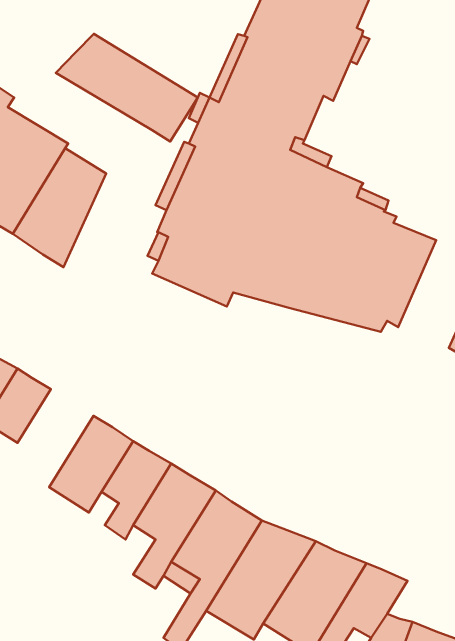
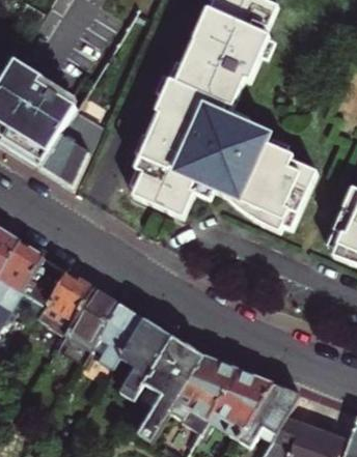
building: [56,34,198,141] -> none
building: none -> [37,268,94,333]

